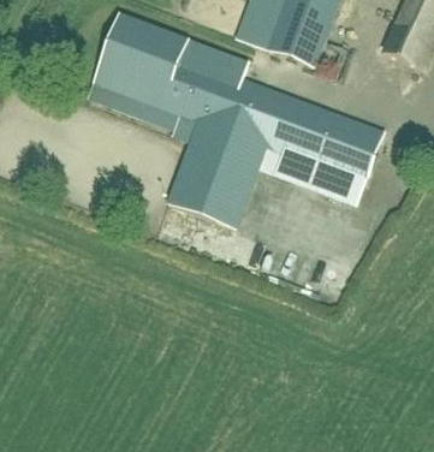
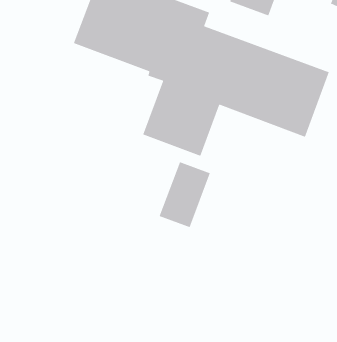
building: none -> [159,161,211,228]

